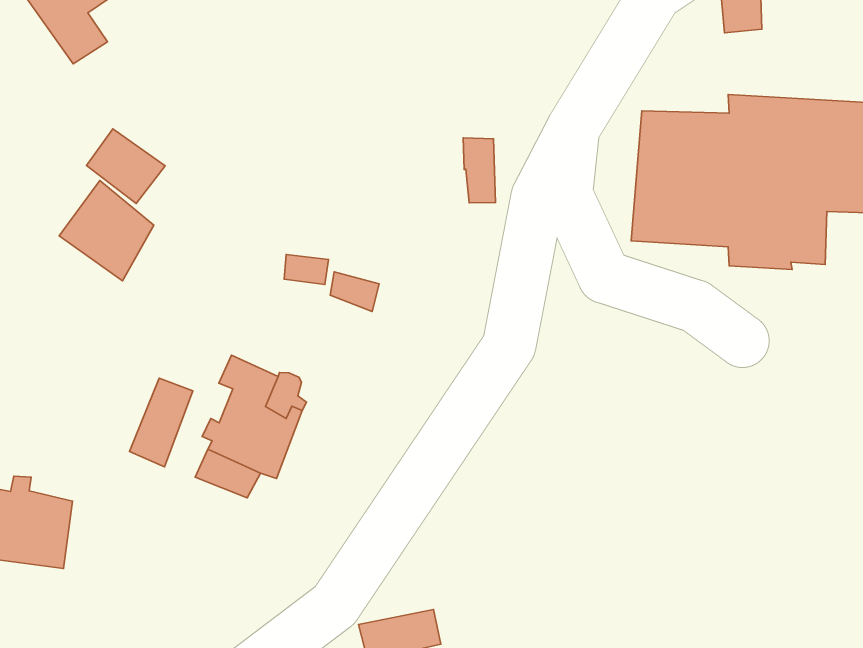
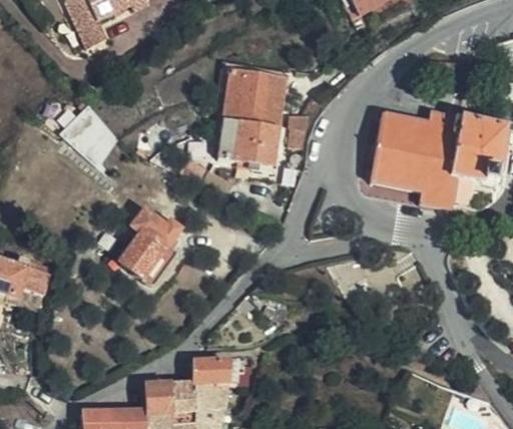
building: none -> [213,71,281,164]
building: [87,129,165,204] -> none
building: [129,378,193,467] -> none

